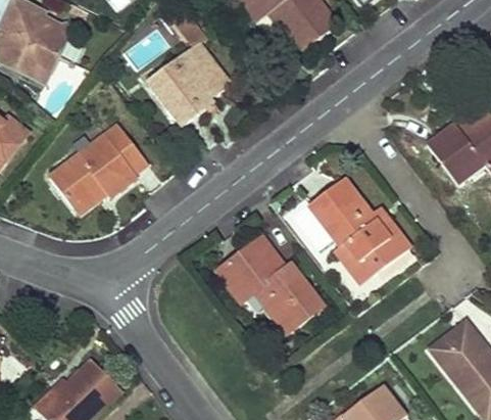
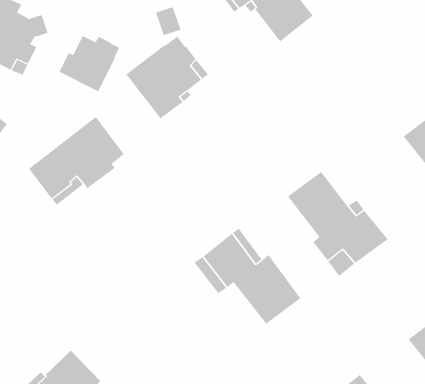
building: none -> [59,35,120,92]

